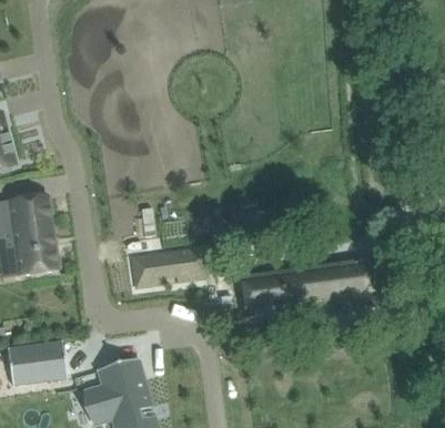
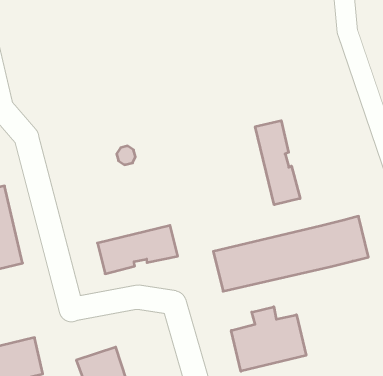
building: none -> [255,121,300,205]
building: none -> [231,307,306,371]

